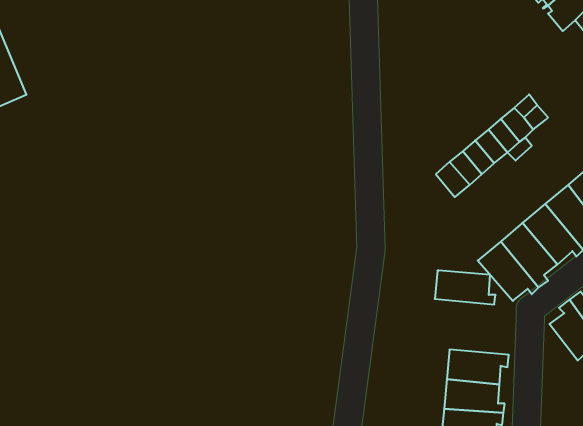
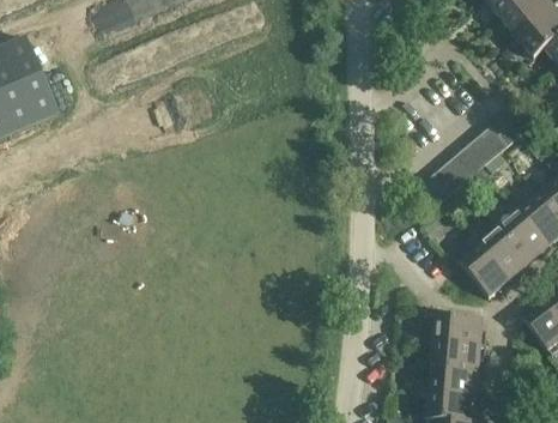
building: [435,271,496,304] -> [433,314,487,344]

